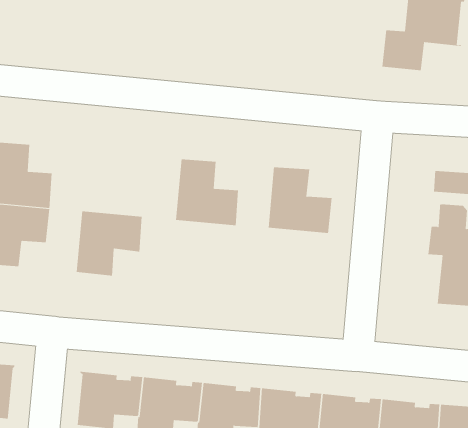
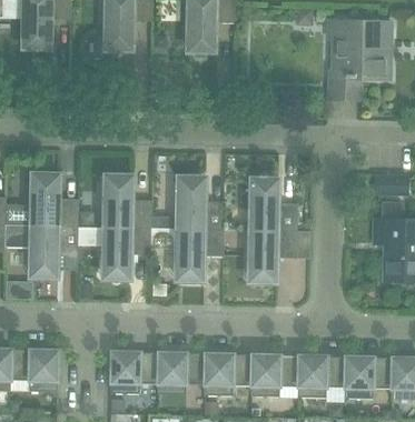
building: none -> [102,178,151,227]
building: none -> [175,228,224,275]
building: none -> [247,229,309,278]

